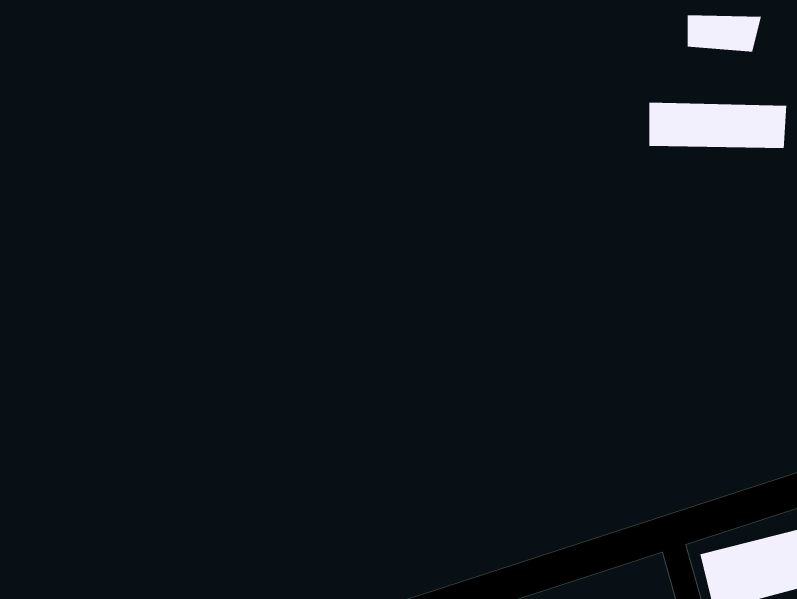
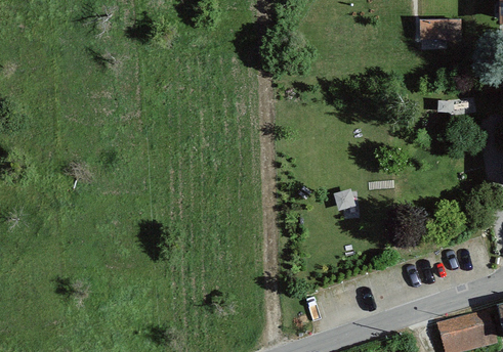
building: [649,102,787,149] -> none

